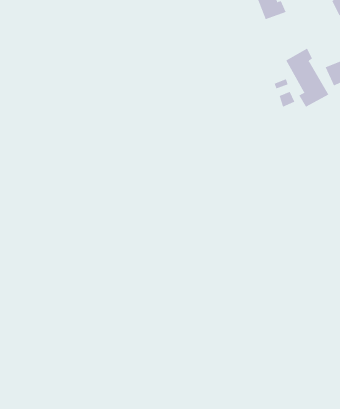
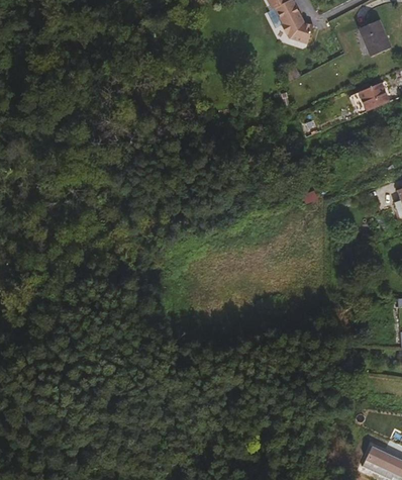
building: [285,48,329,107] -> none

